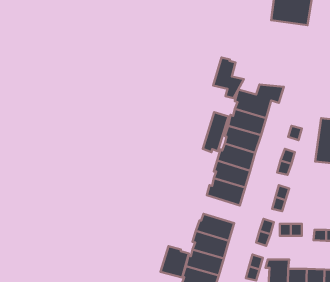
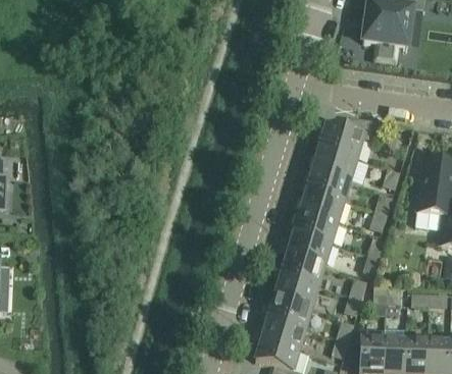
building: [213,57,244,98] -> none
building: [203,112,228,152] -> none
building: none -> [282,251,325,284]
building: [160,246,189,277] -> none

